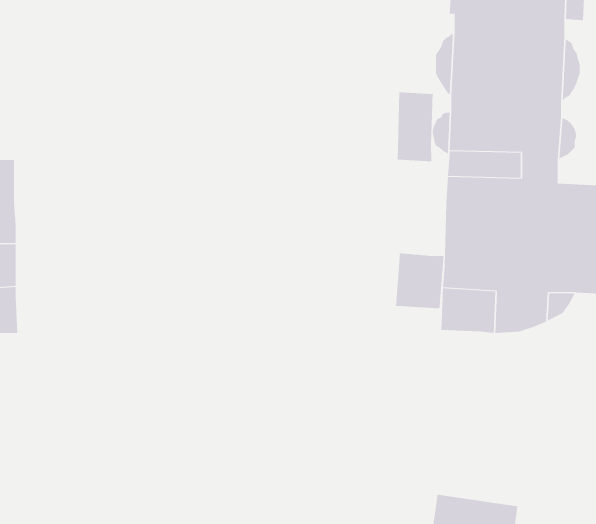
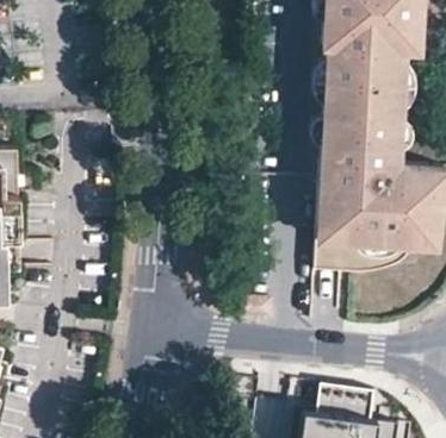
building: [397,92,433,162] -> none
building: [395,252,444,309] -> none

